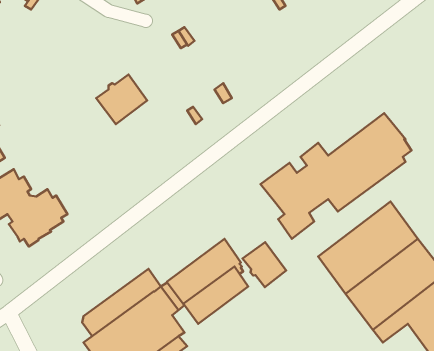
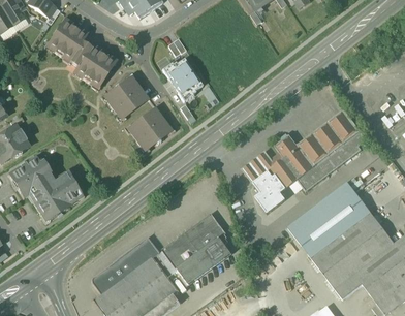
building: none -> [48,21,114,87]
building: none -> [161,58,202,102]
building: none -> [128,109,170,151]
building: [243,242,286,287] -> none

